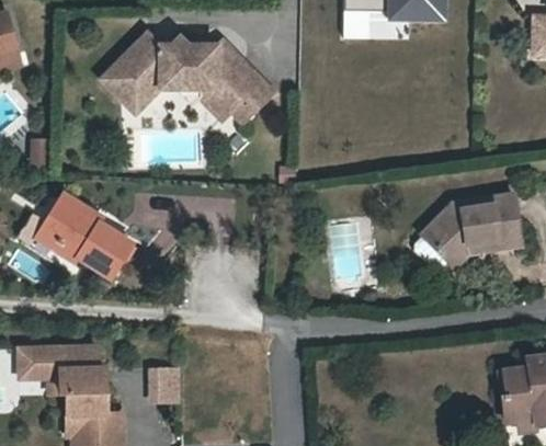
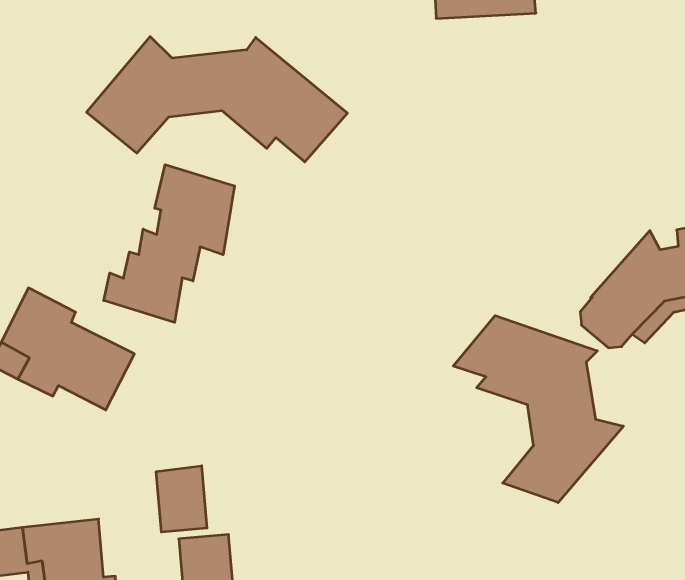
building: none -> [104,165,235,322]
building: none -> [453,316,623,503]
building: none -> [156,466,207,532]

